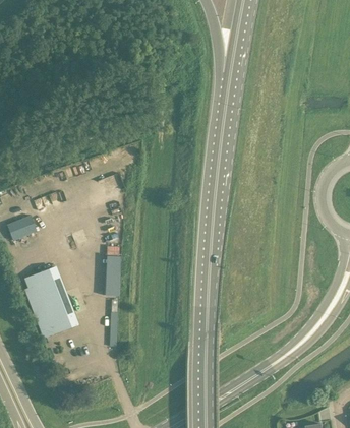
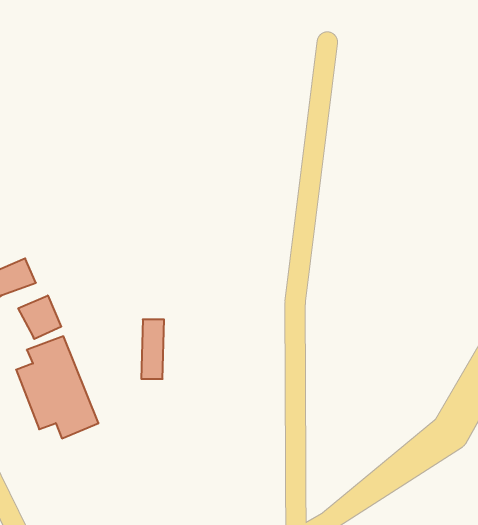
building: none -> [18,295,61,339]

